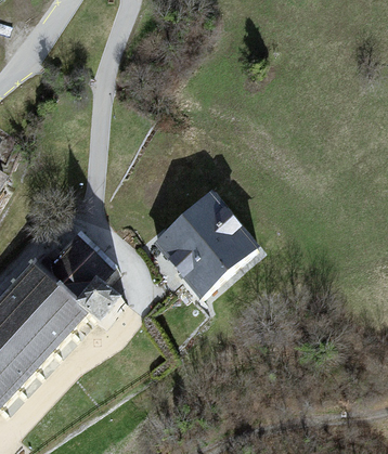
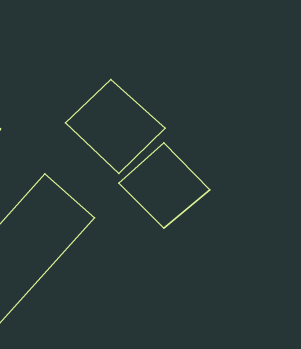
building: none -> [66,79,165,173]

